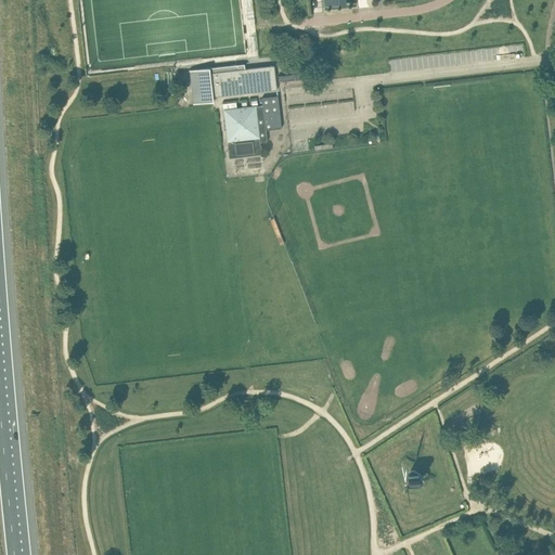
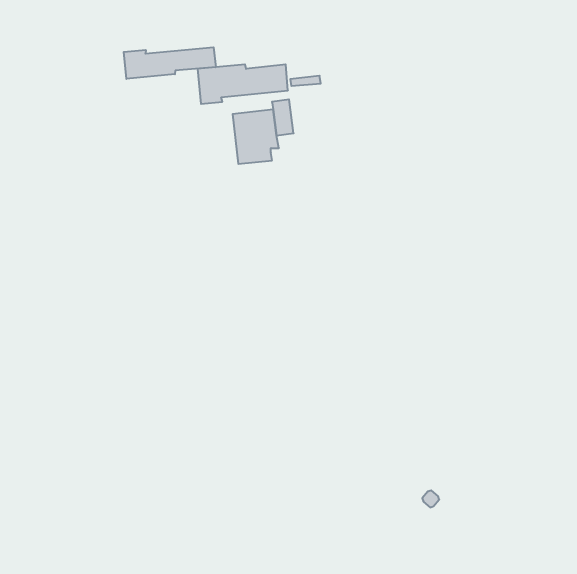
building: none -> [124,47,216,79]

